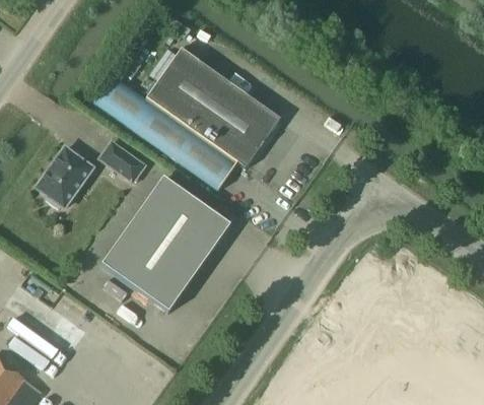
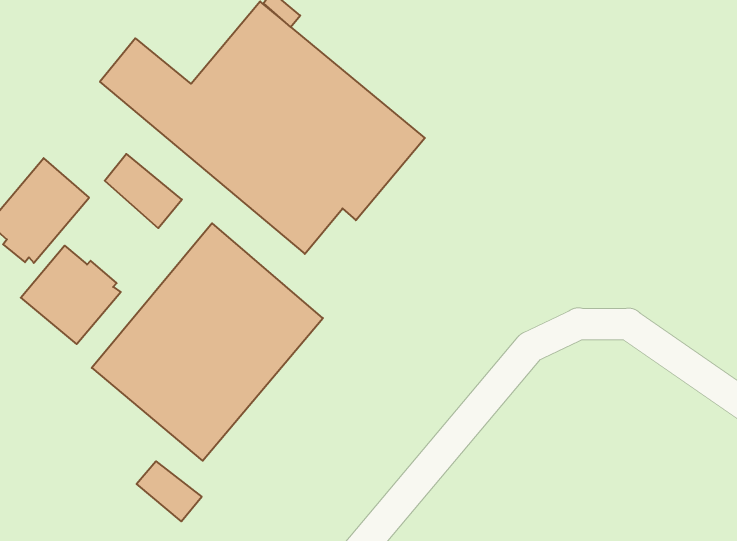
building: none -> [21,246,121,344]
building: none -> [137,461,202,521]

